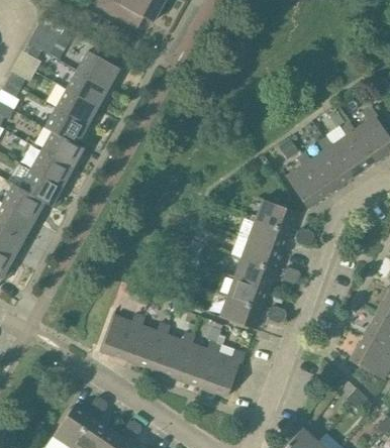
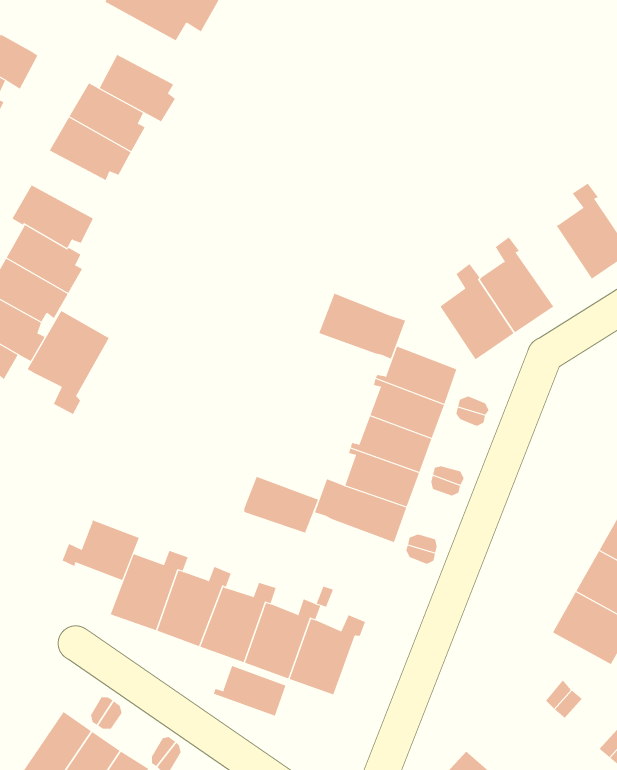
building: [56,89,99,127] -> [99,54,176,122]
building: [329,122,372,177] -> none
building: none -> [318,293,406,359]
building: none -> [27,310,110,415]
building: none -> [62,520,139,581]
building: [218,297,261,329] -> [244,476,319,534]
building: none -> [213,665,286,716]

